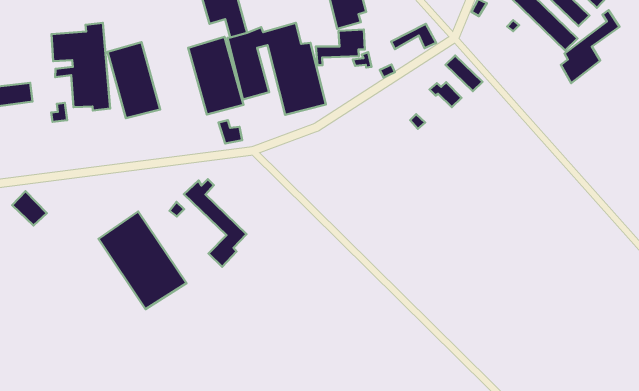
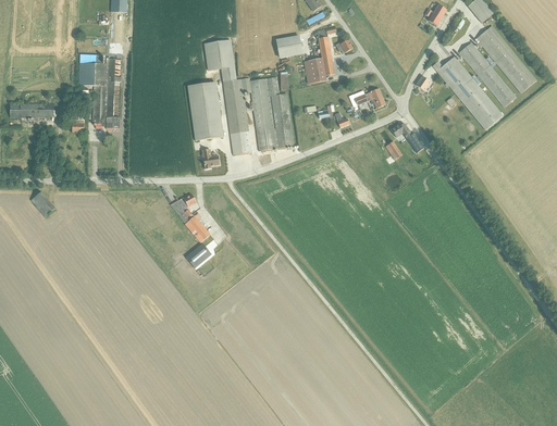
building: [561,10,619,83] -> none
building: [316,30,365,65] -> none
building: [108,42,160,118] -> none
building: [98,211,186,309] -> none

